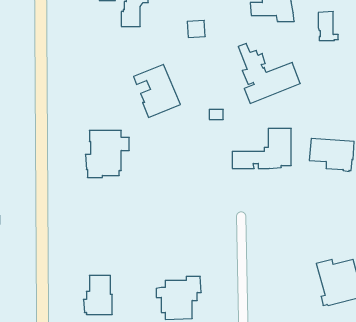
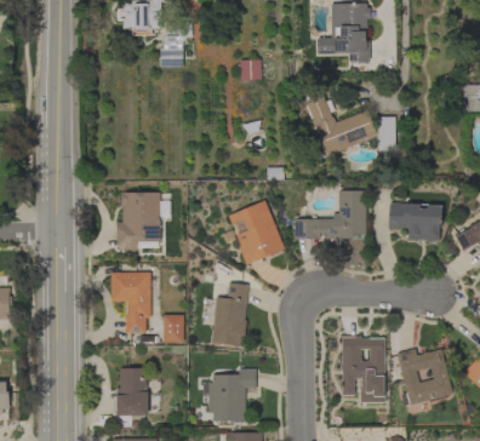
building: [318,12,338,41] -> [377,116,401,151]
building: [134,64,180,117] -> [228,200,285,264]
building: none -> [112,271,150,333]
building: none -> [212,282,248,346]
building: none -> [164,315,184,342]
building: none -> [342,336,385,403]

